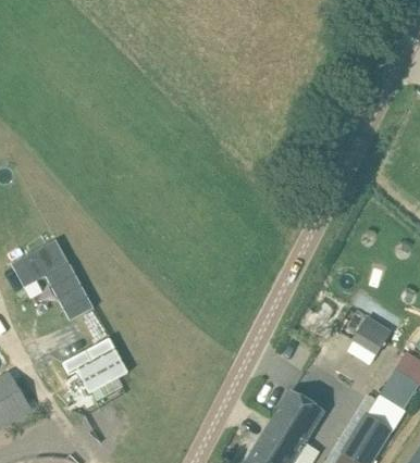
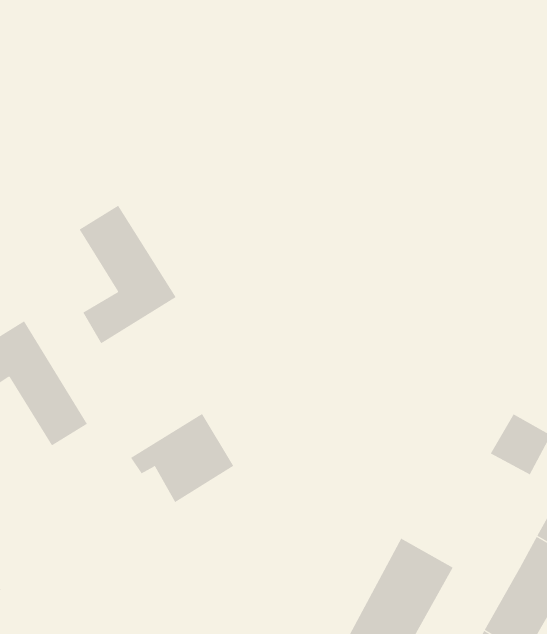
building: none -> [79,205,177,344]
building: [61,336,127,392] -> [130,413,234,503]

